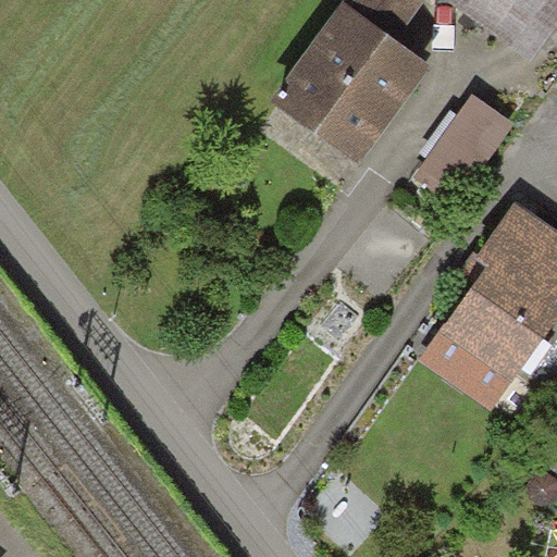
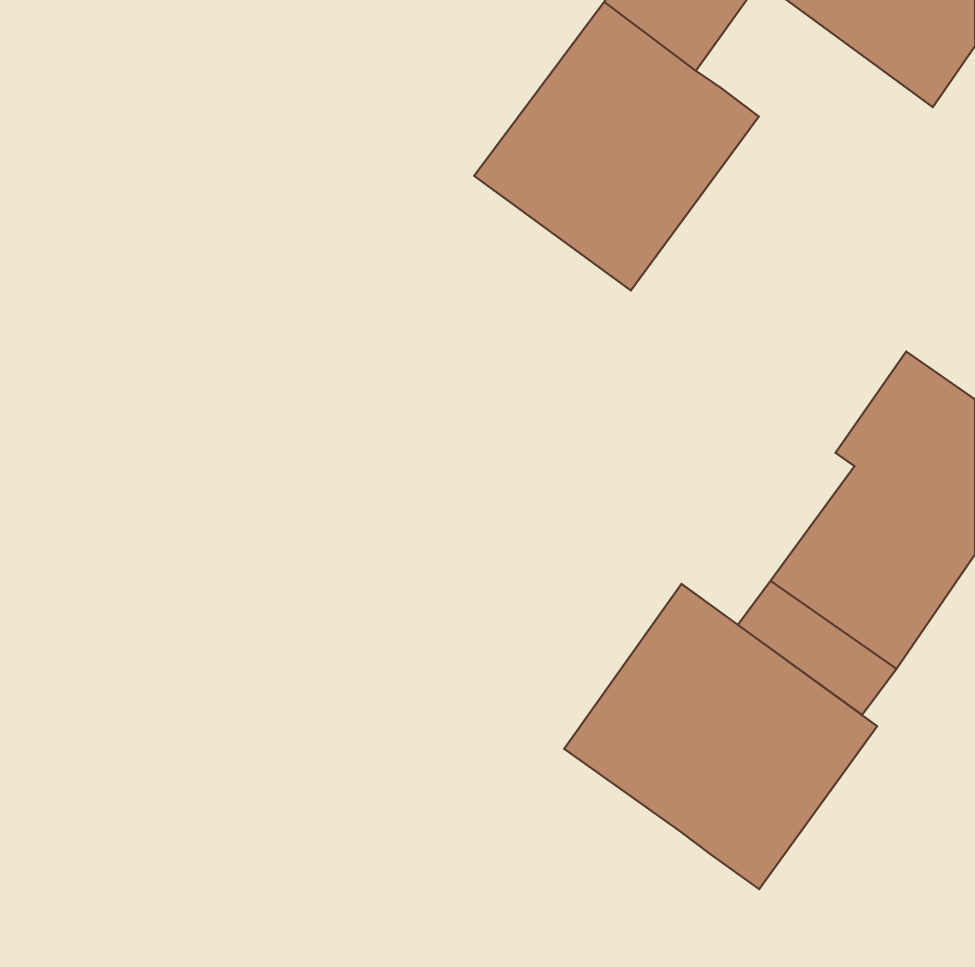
building: [413,91,511,201] -> none
building: none -> [564,584,877,889]

